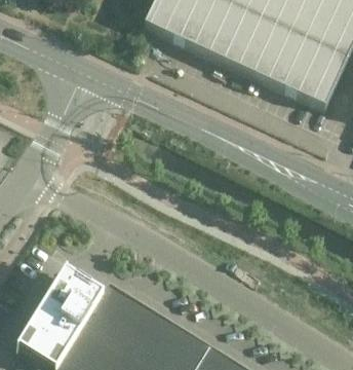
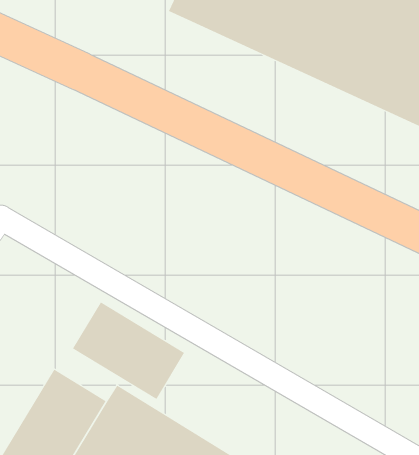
building: none -> [72,301,185,400]

